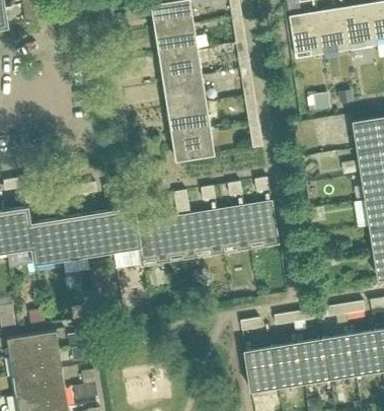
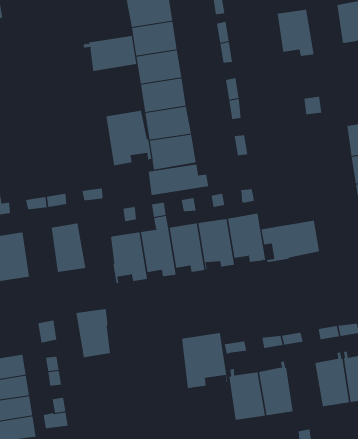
building: [316,9,350,55] -> none
building: none -> [83,35,137,72]
building: none -> [106,110,152,166]
building: none -> [148,162,209,196]
building: [106,206,139,252] -> [75,308,111,358]
building: none -> [261,220,320,263]
building: [56,214,87,260] -> none
building: none -> [181,332,228,389]
building: [298,336,330,384] -> none

